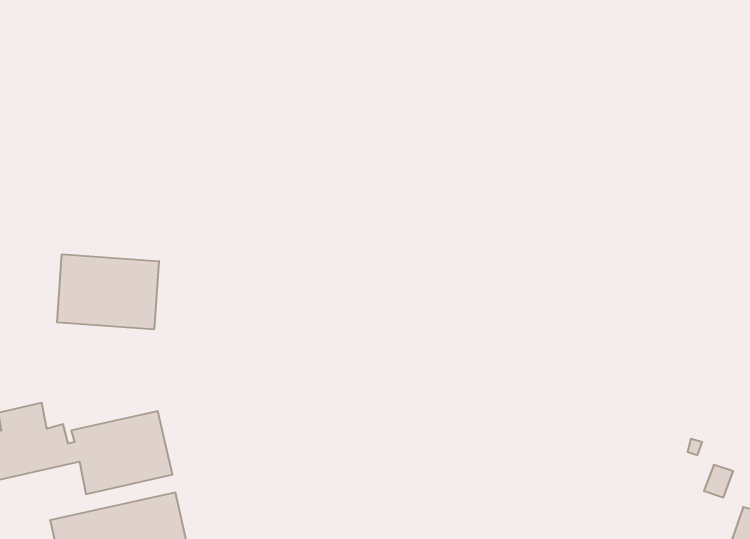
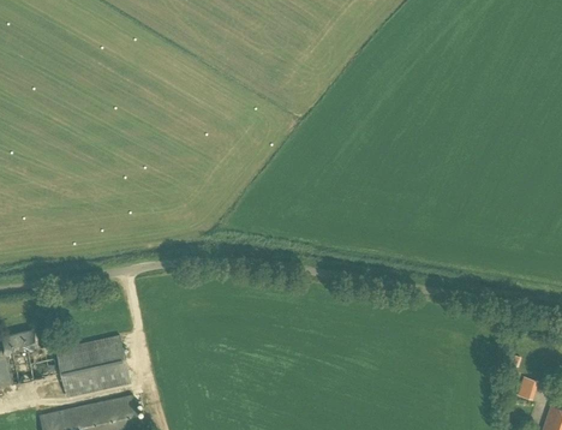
building: [57,254,159,329] -> none

